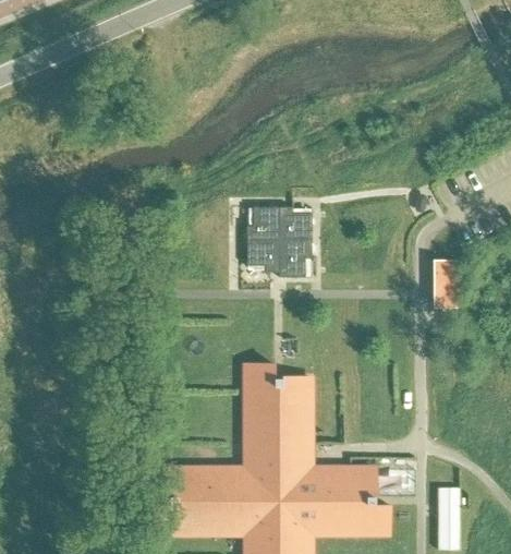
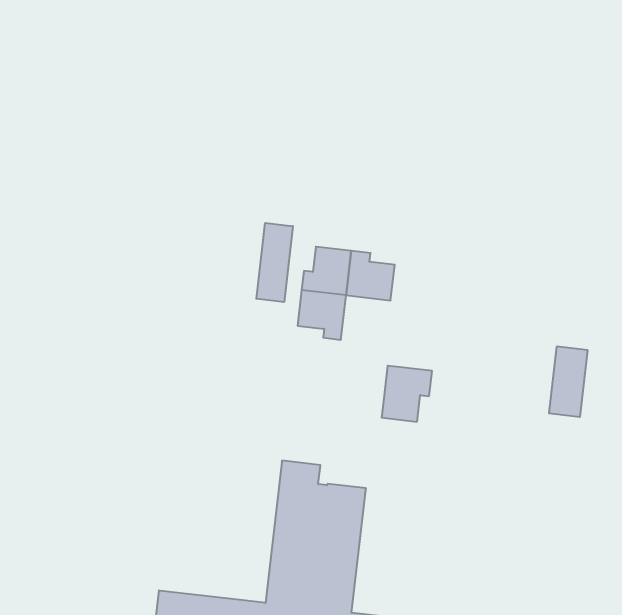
building: none -> [256,223,293,302]
building: [280,240,313,278] -> [382,366,432,422]

